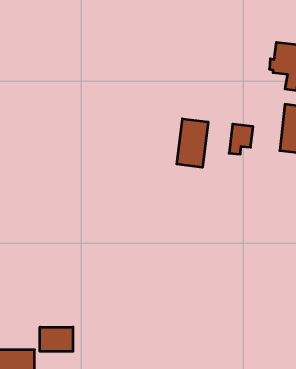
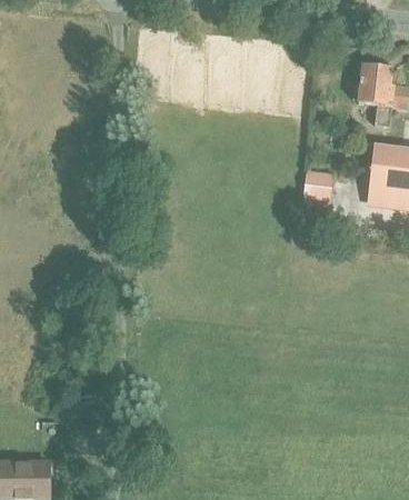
building: [177,119,208,167] -> none
building: [40,327,73,351] -> none

